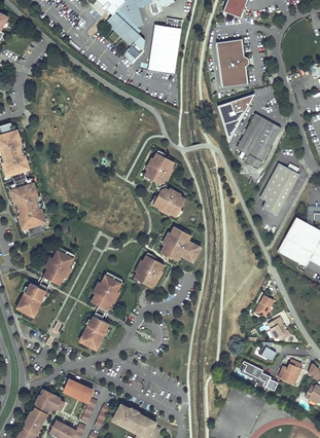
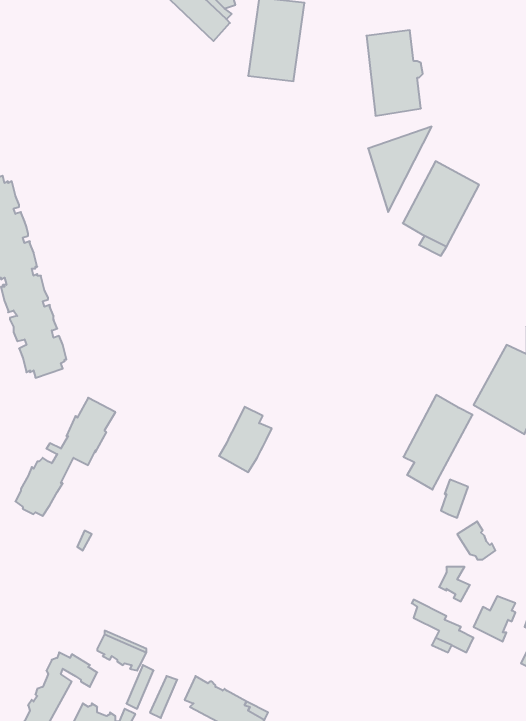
building: [143,150,184,218] -> none
building: [259,162,298,216] -> [403,395,473,490]
building: [161,226,198,261] -> none
building: [80,272,121,348] -> none

